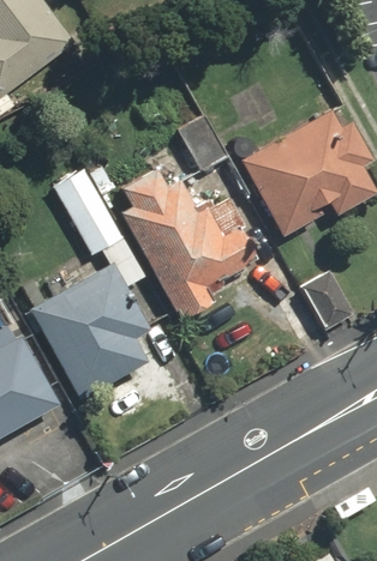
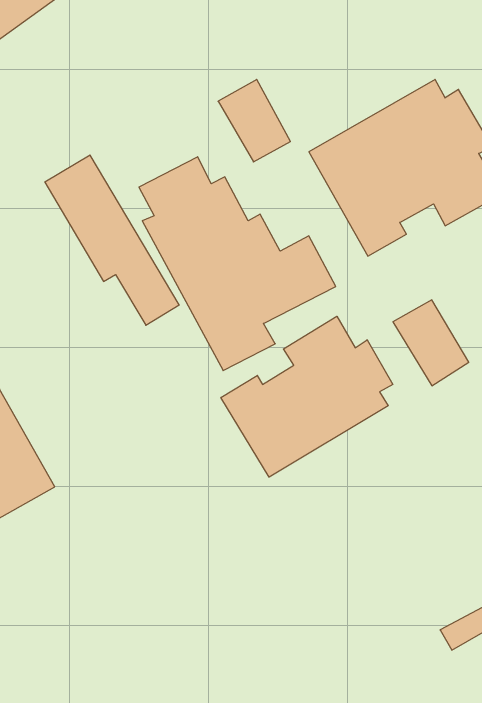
building: [26,261,149,398] -> none
building: none -> [221,316,393,477]

